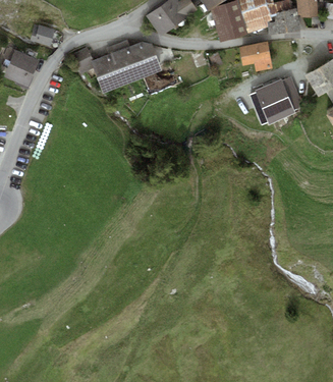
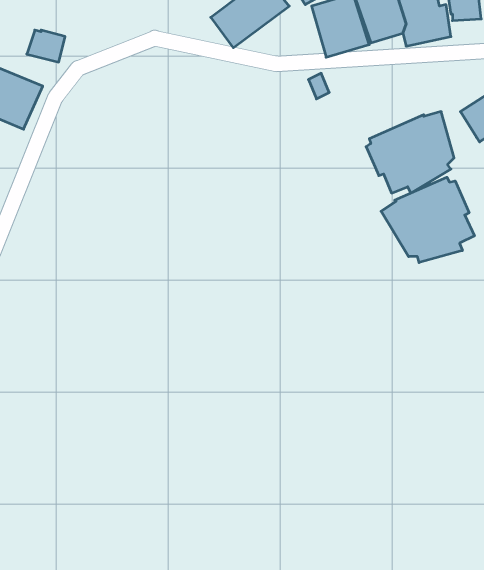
building: [73,40,163,94] -> none
building: [239,41,272,70] -> none
building: none -> [381,177,474,263]

